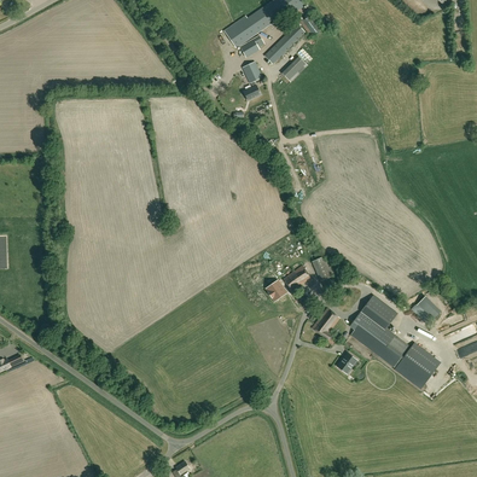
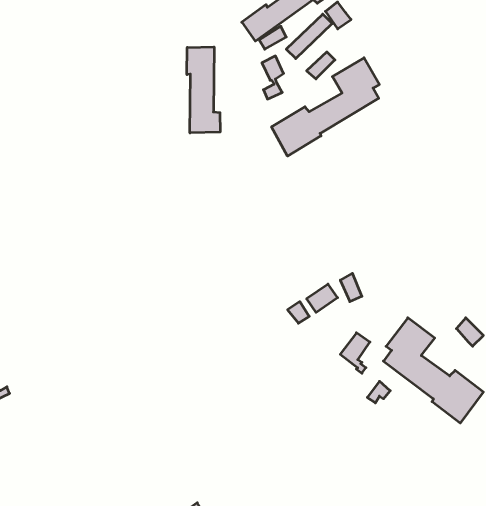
building: none -> [187,47,220,133]
building: none -> [272,58,379,156]

